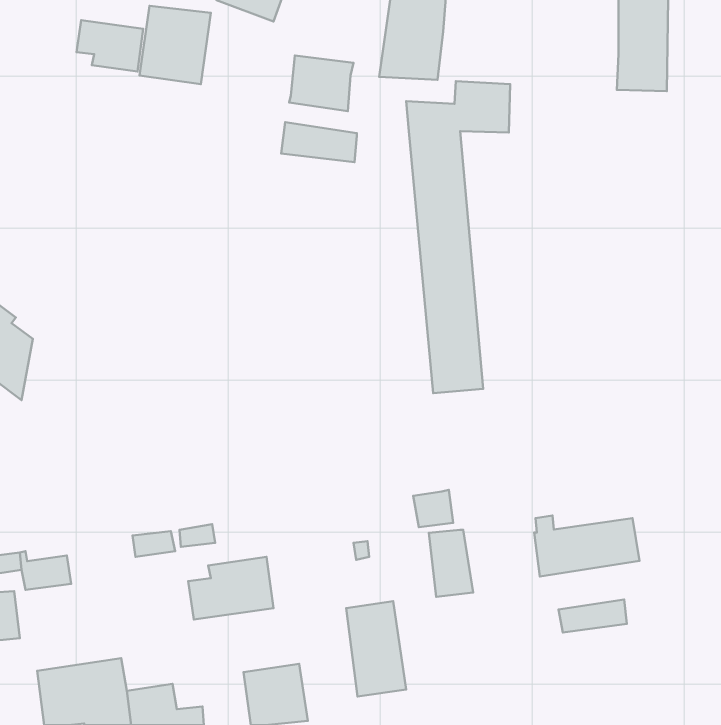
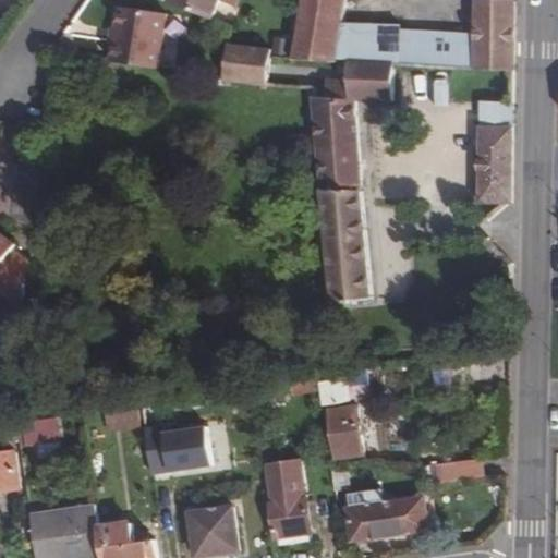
building: [76,20,143,72] -> none
building: none -> [335,24,473,69]
building: [281,122,357,162] -> none
building: none -> [474,100,509,203]
building: [534,515,639,577] -> [345,494,426,541]

